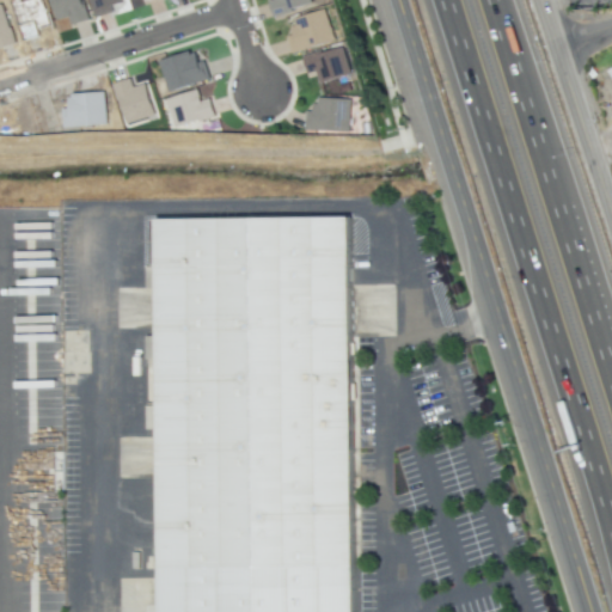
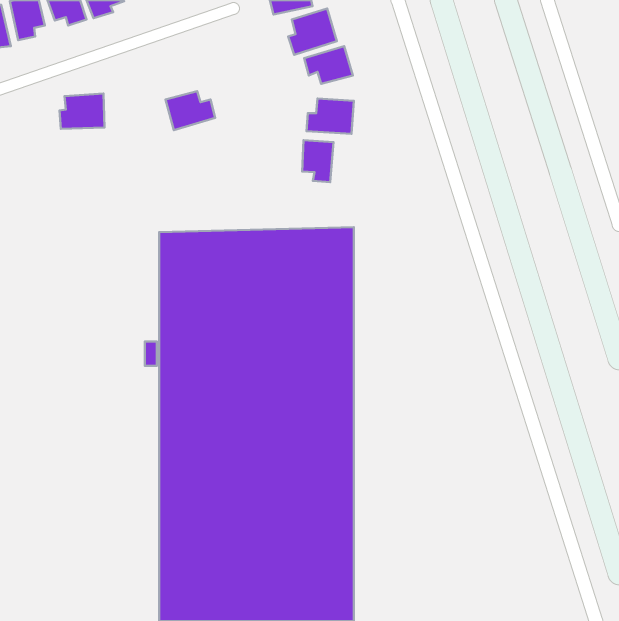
building: [155,50,208,92] -> none
building: [110,78,152,124] -> none
building: none -> [302,140,333,182]

